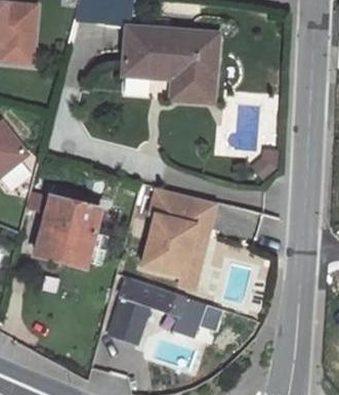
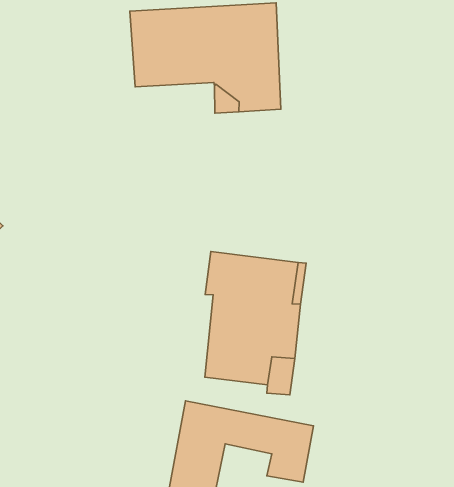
building: [35,185,107,267] -> none

